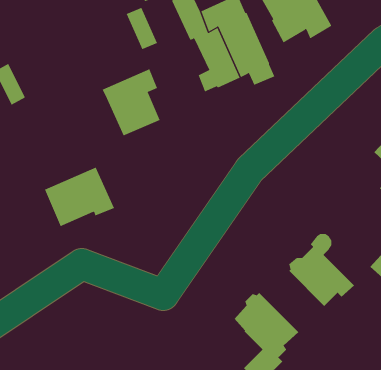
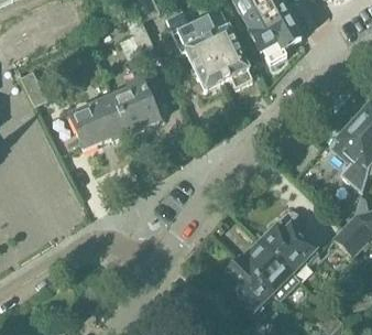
building: [44,167,115,227] -> [69,96,128,145]
building: none -> [243,241,299,299]

